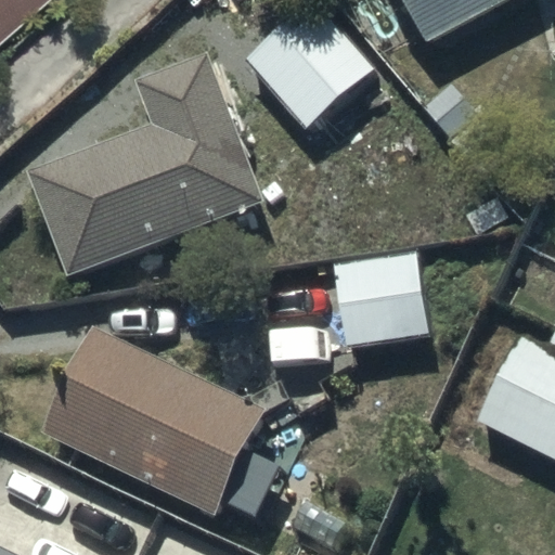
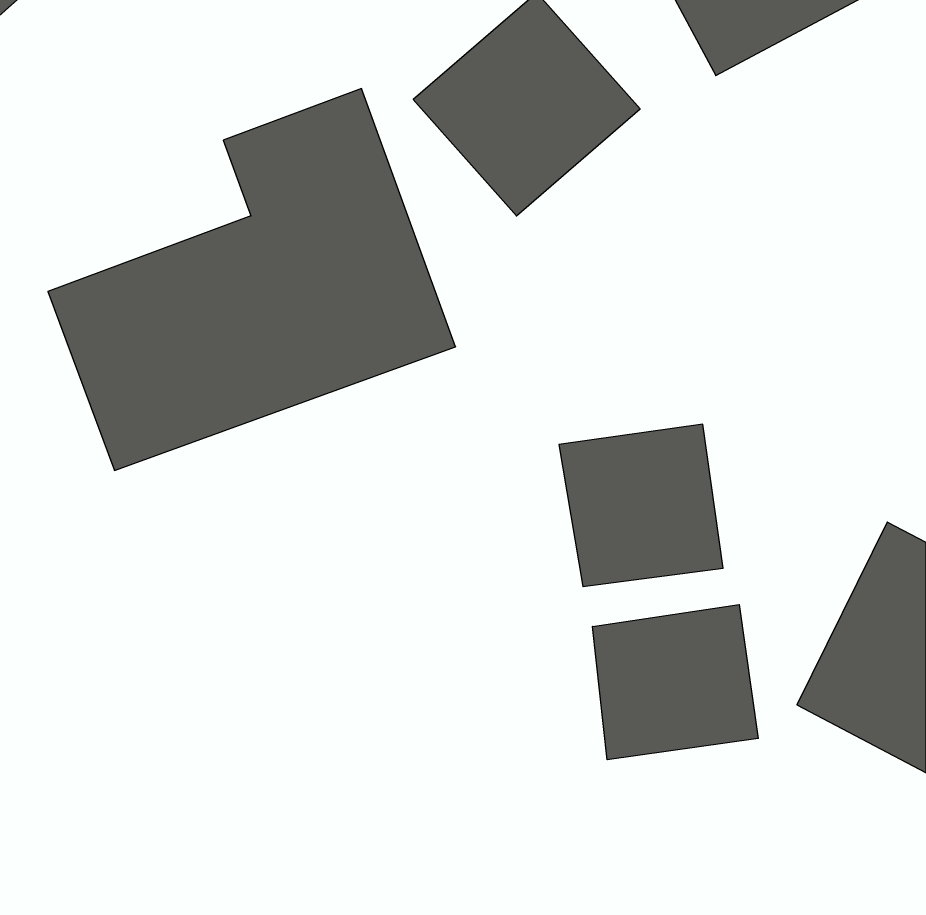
building: [41,327,269,516] -> none
building: none -> [593,605,758,760]

